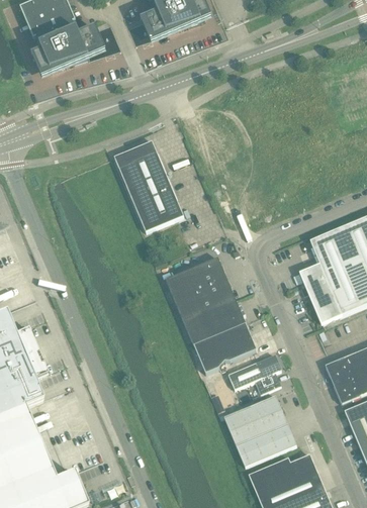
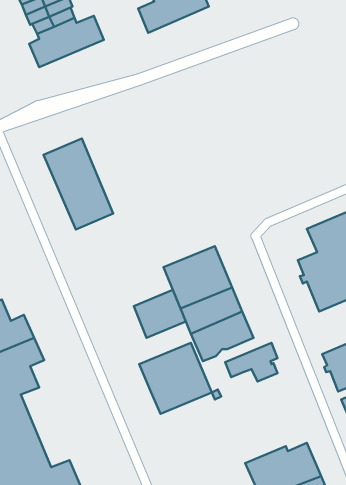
building: [113,139,183,230] -> [43,139,113,230]
building: none -> [134,290,186,338]
building: [223,395,296,466] -> [139,343,212,414]

